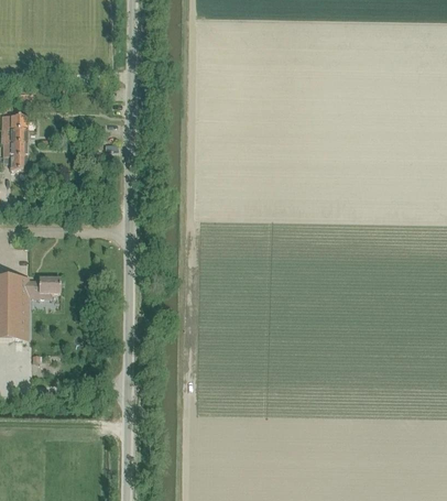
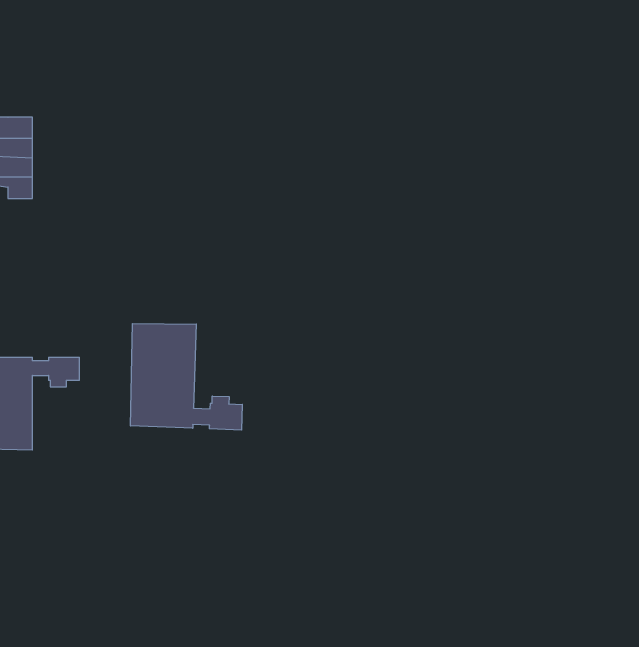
building: none -> [131,324,242,430]

